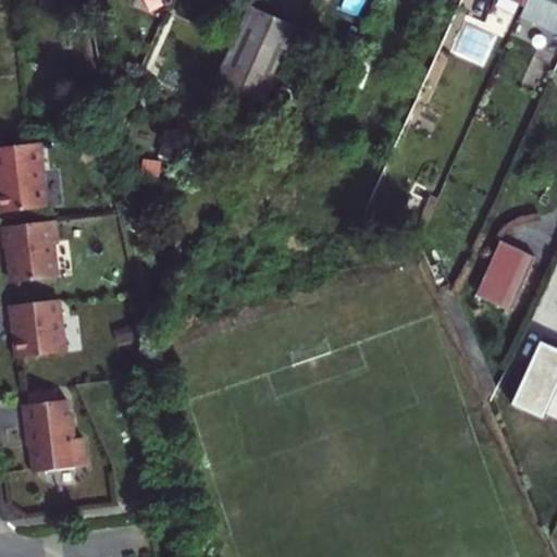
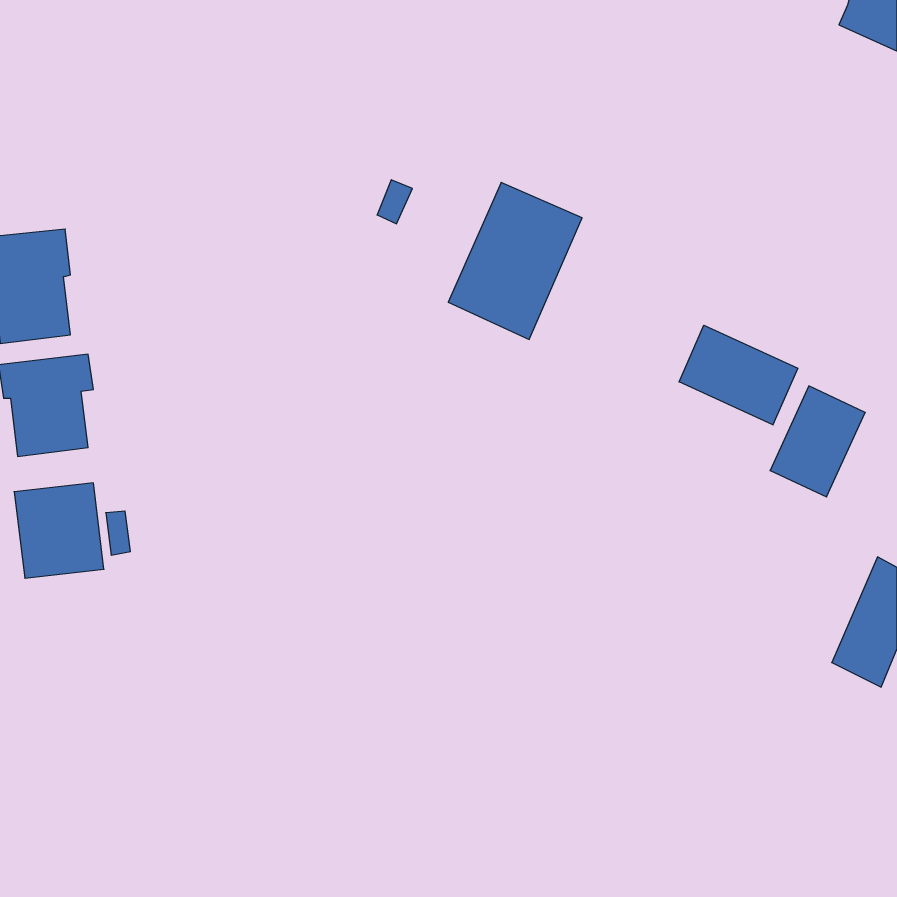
building: [216,4,299,101] -> [448,182,582,339]
building: none -> [679,325,798,425]
building: [22,398,85,470] -> none

